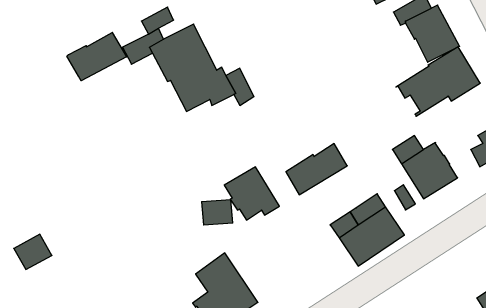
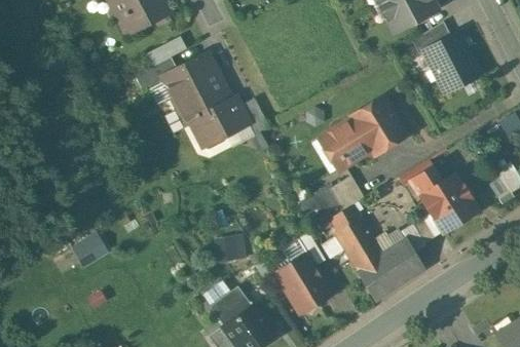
building: [67,32,127,81] -> none
building: [396,47,480,116] -> [319,99,405,169]
building: [224,167,279,220] -> [274,255,331,309]
building: none -> [331,219,373,259]
building: [14,234,52,269] -> [69,230,108,266]

